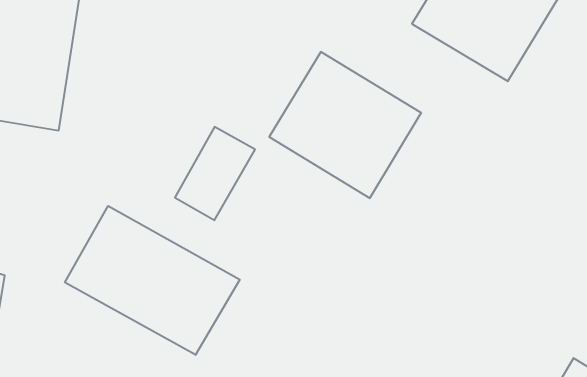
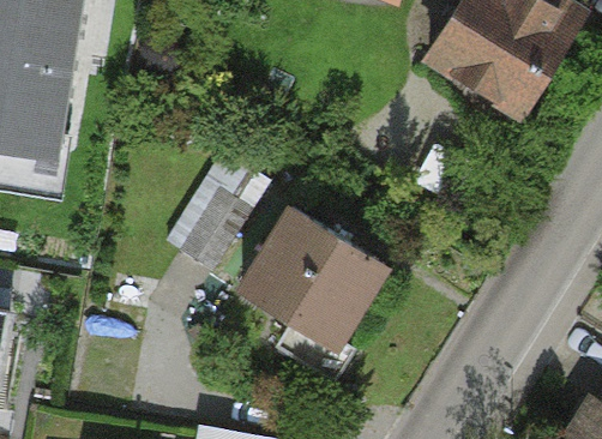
building: [269,52,421,198] -> [231,208,384,354]
building: [65,206,240,355] -> none

